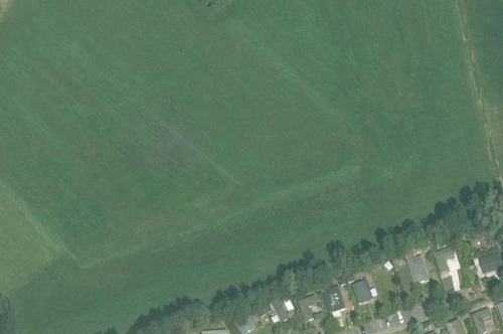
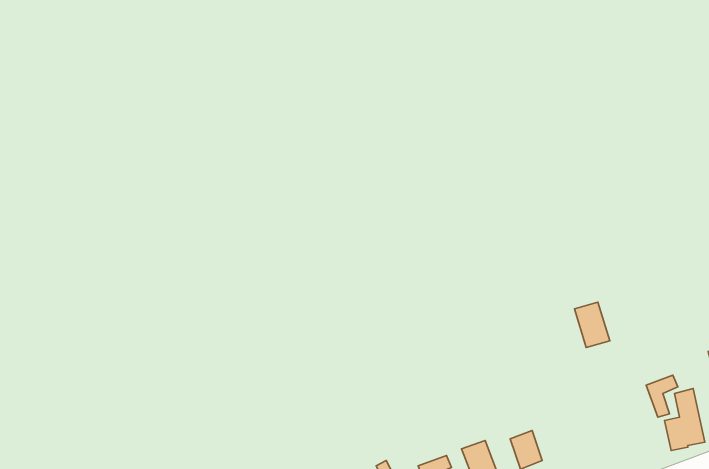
building: [406,256,428,283] -> [575,302,610,347]

